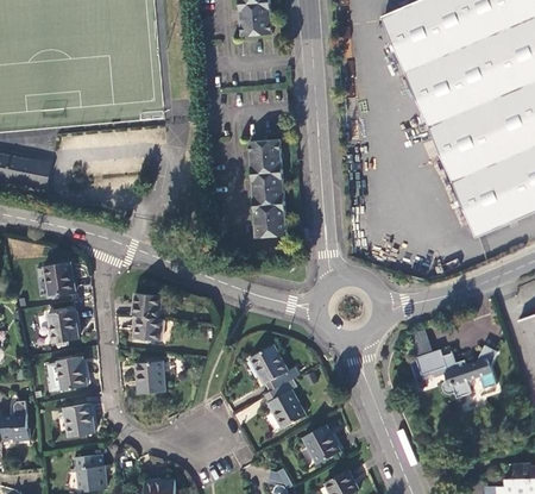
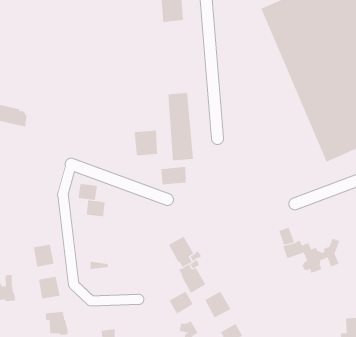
building: none -> [134,130,158,156]
building: none -> [161,166,186,185]
building: [43,262,73,295] -> none
building: [46,309,77,343] -> none
building: [132,315,162,340] -> [77,183,98,201]
building: [136,362,163,386] -> none
building: none -> [169,291,194,314]

